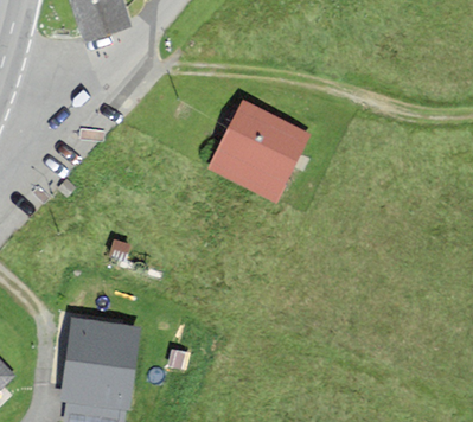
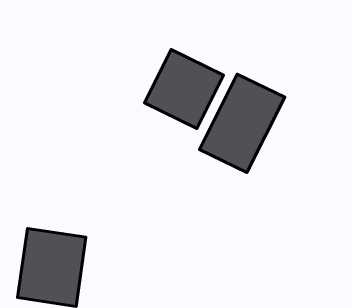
building: none -> [199,74,285,173]

